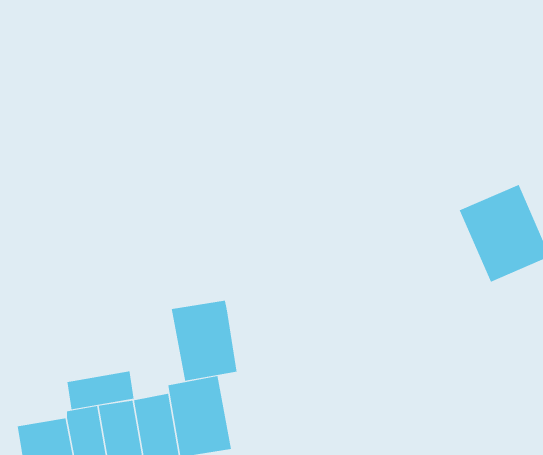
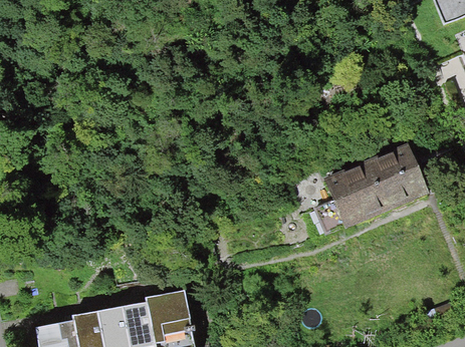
building: none -> [321,166,386,237]
building: [171,300,237,382] -> none
building: [67,370,134,410] -> none

